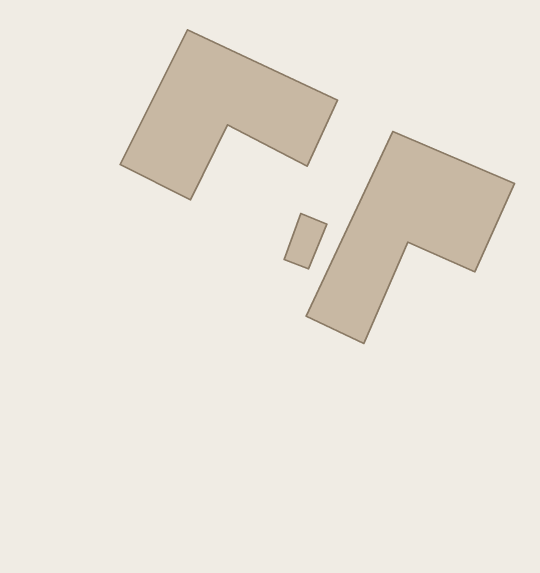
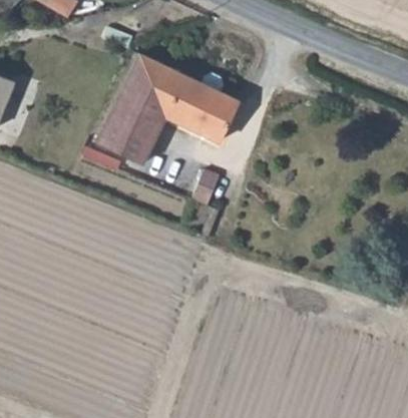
building: [306,131,514,343] -> none

